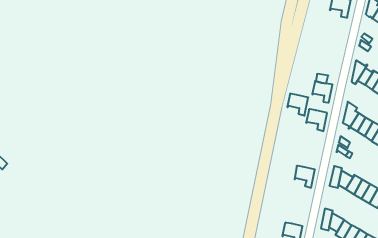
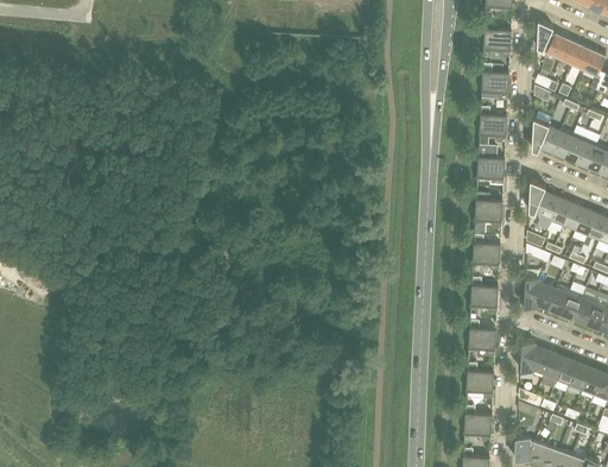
building: none -> [482,71,509,100]
building: none -> [480,114,507,143]
building: [287,94,308,116] -> [473,242,501,271]
building: none -> [469,328,496,356]

